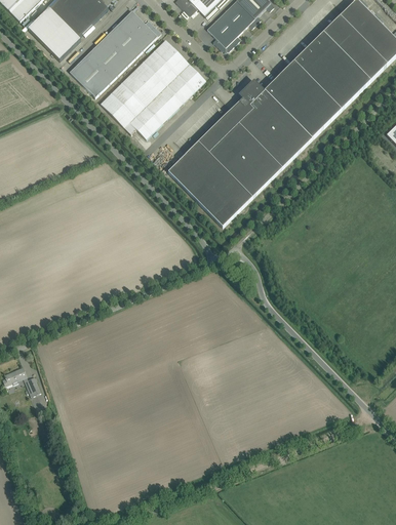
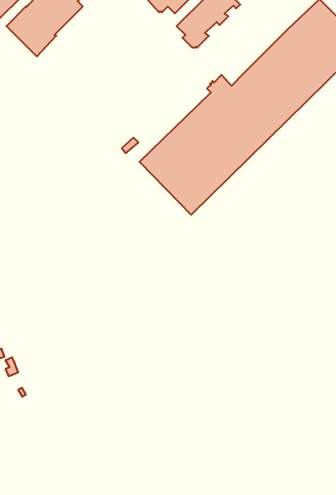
building: [70,9,161,96] -> none
building: [101,39,206,137] -> none

